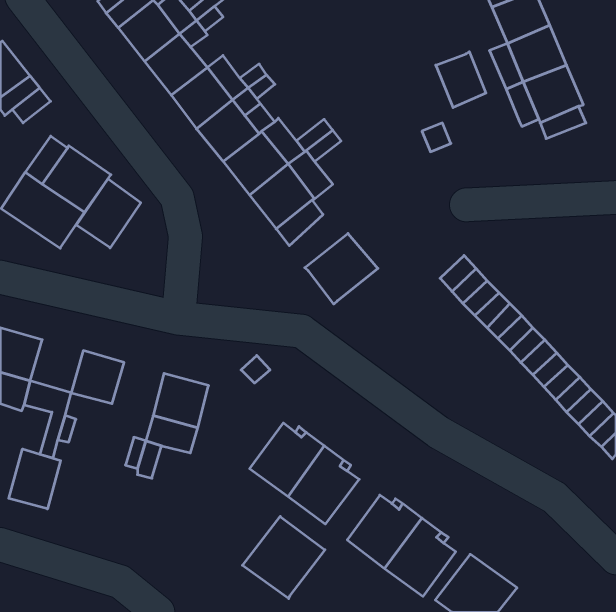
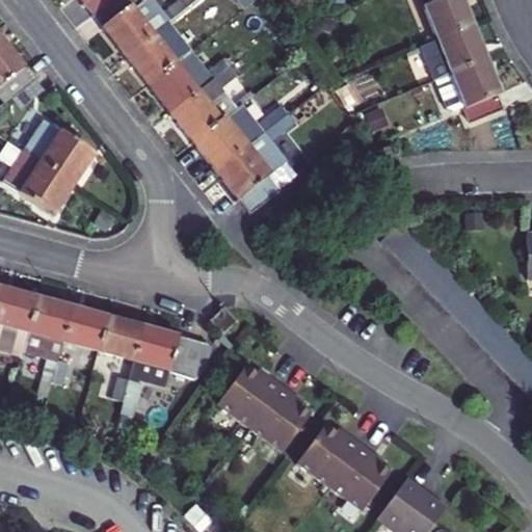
building: [436,52,486,108] -> none
building: [76,179,141,248] -> none
building: [305,233,378,304] -> none
building: none -> [26,293,72,339]
building: none -> [97,313,141,358]
building: none -> [170,332,208,376]
building: [9,449,61,509] -> none
building: [242,516,325,599] -> none

